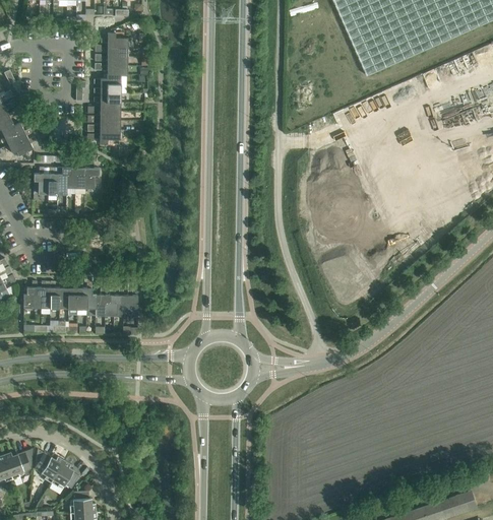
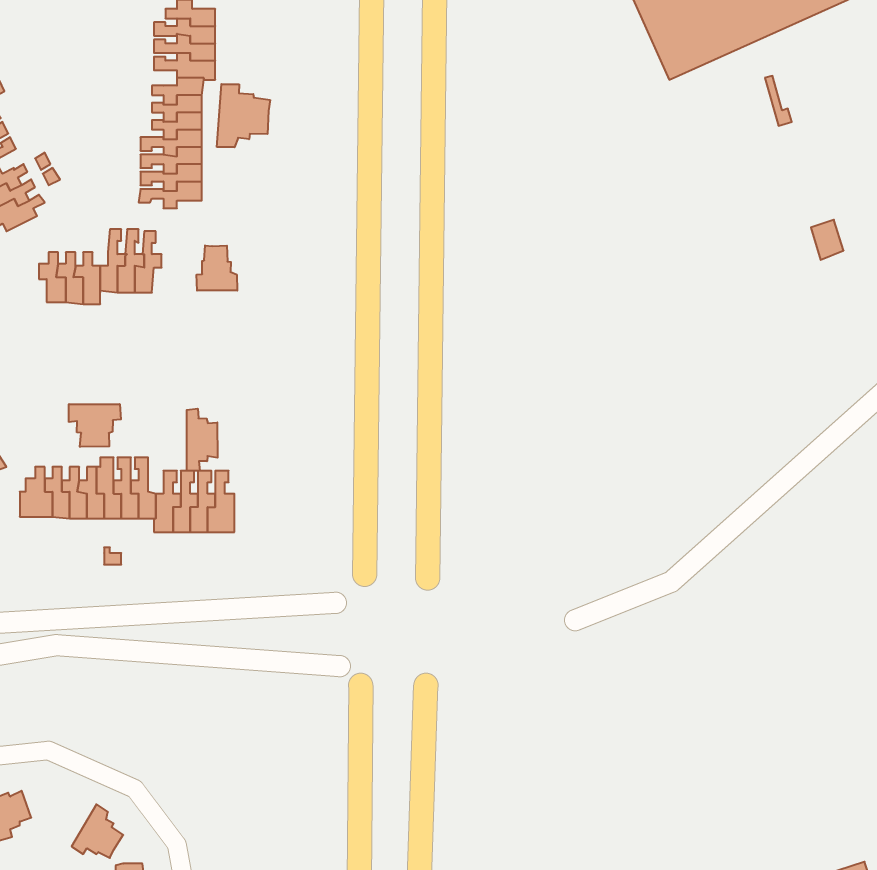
building: none -> [217,84,270,147]
building: none -> [197,245,237,291]
building: none -> [69,404,121,447]
building: none -> [187,409,218,471]
building: [35,448,64,481] -> none

